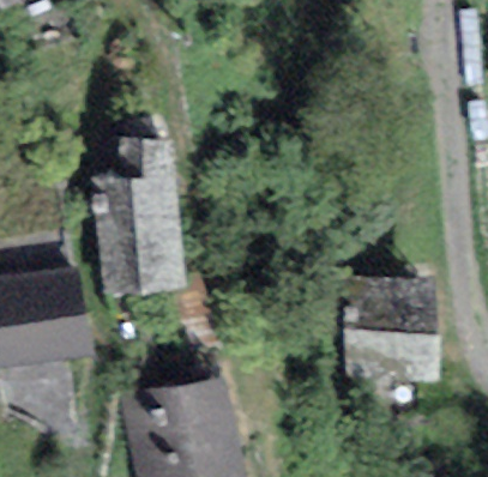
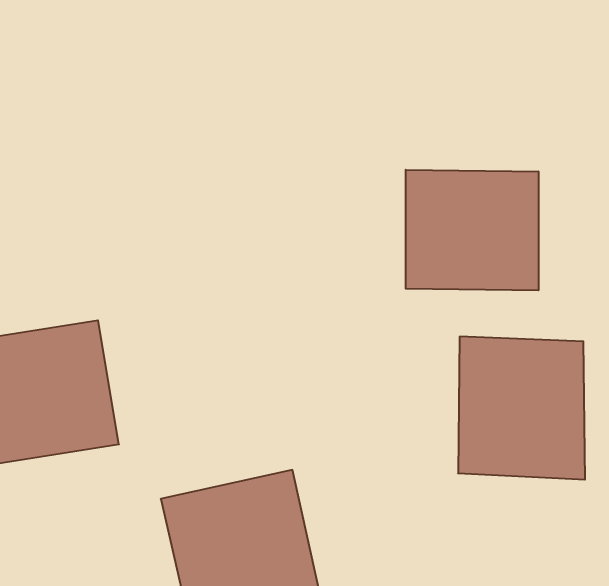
building: [89,137,186,298] -> none
building: none -> [406,170,538,290]

